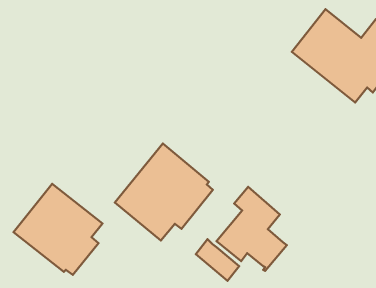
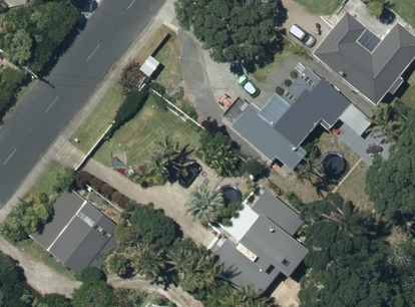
building: none -> [229,65,372,171]
building: [115,144,213,241] -> none

